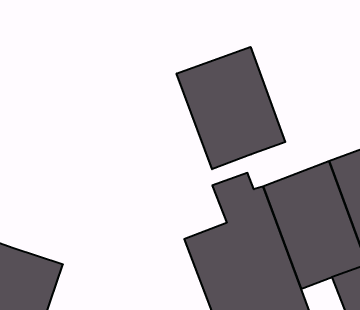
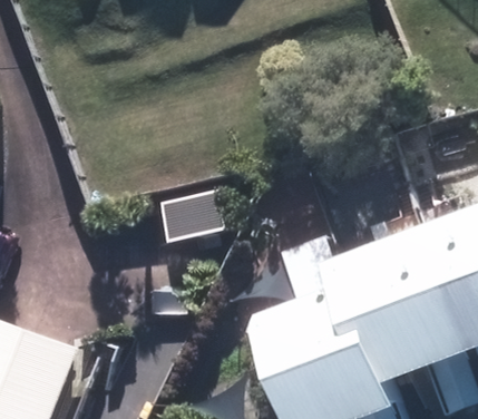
building: [177,47,285,169] -> none

